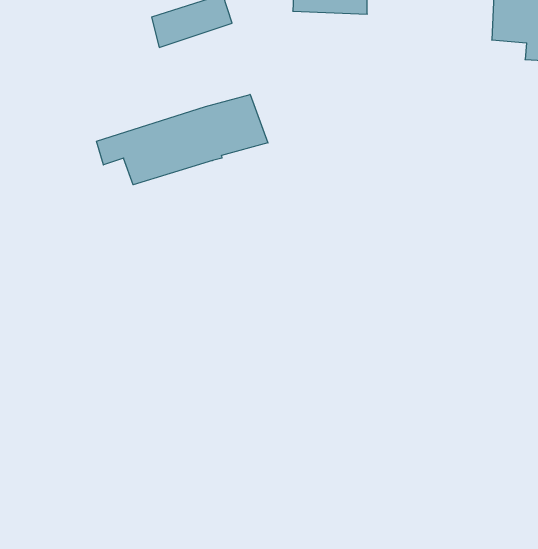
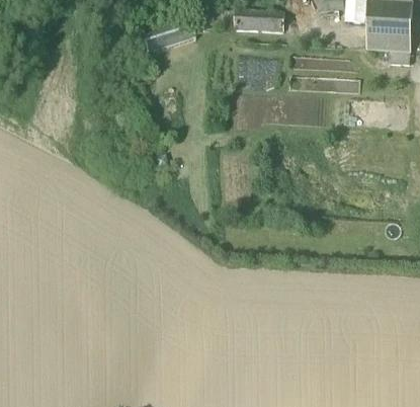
building: [97,94,268,185] -> none

